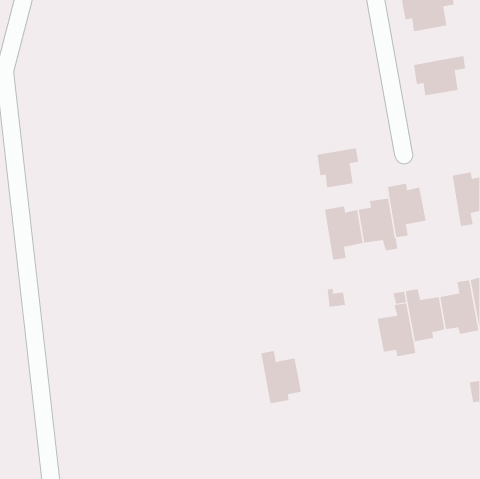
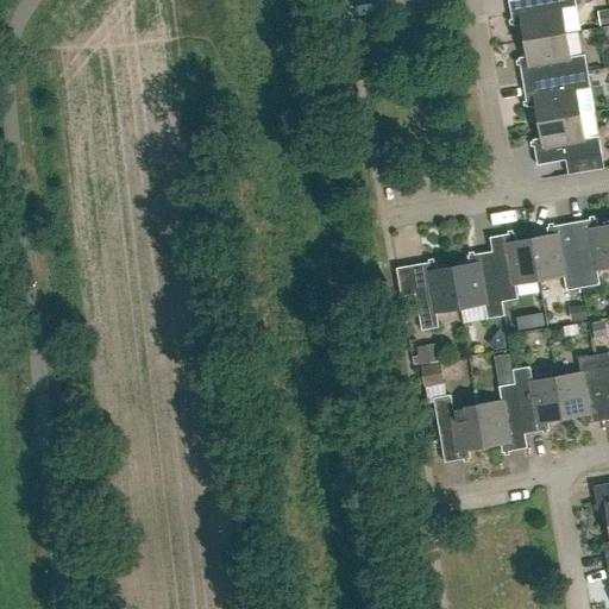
building: none -> [519,32,588,82]
building: none -> [533,114,602,164]
building: [317,148,359,188] -> none
building: none -> [532,222,583,290]
building: [260,350,302,404] -> [433,394,485,462]

